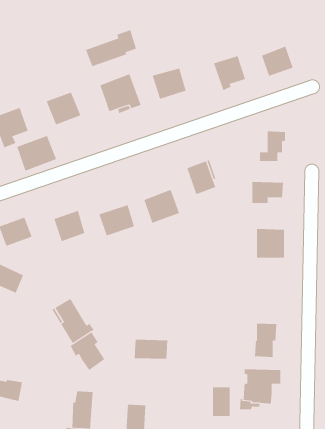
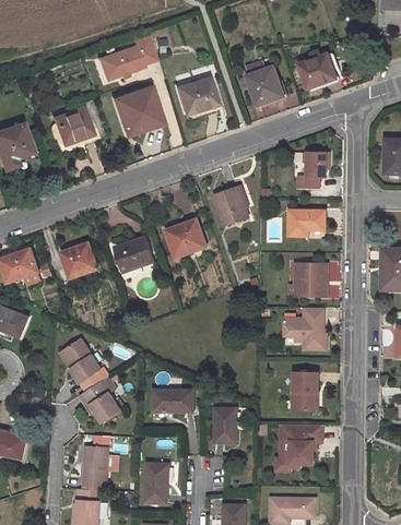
building: [16,135,57,171] -> none
building: none -> [284,306,326,350]
building: [212,387,230,416] -> [215,408,236,442]

